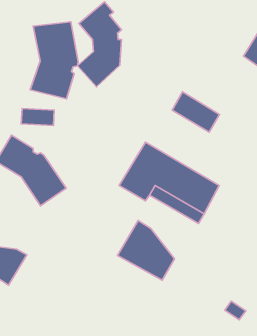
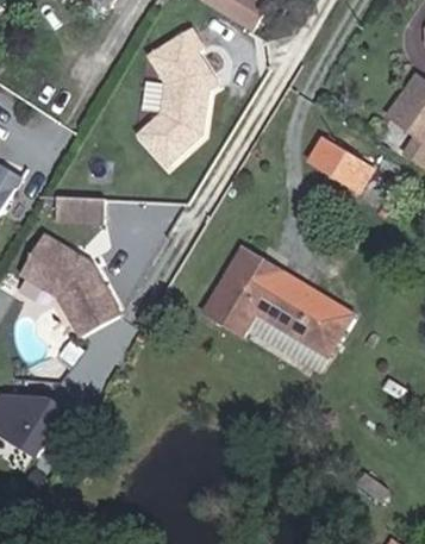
building: [30,22,78,99] -> none
building: [172,92,220,132] -> [304,132,374,192]
building: [118,220,174,280] -> none

